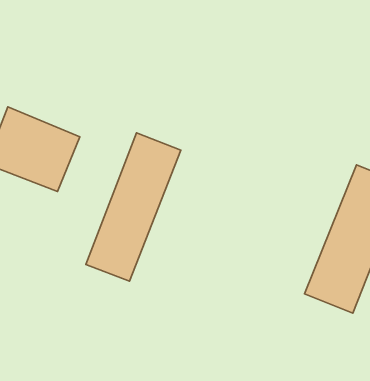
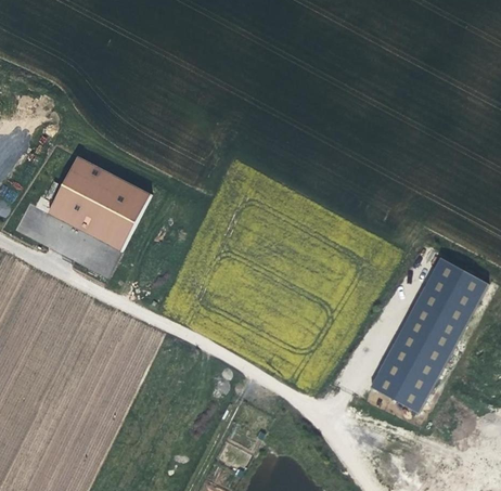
building: [86,133,181,281] -> none

